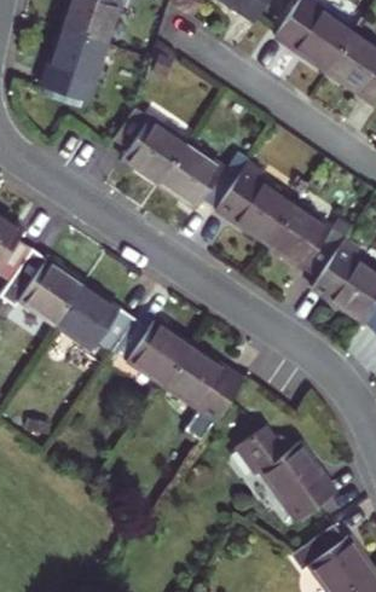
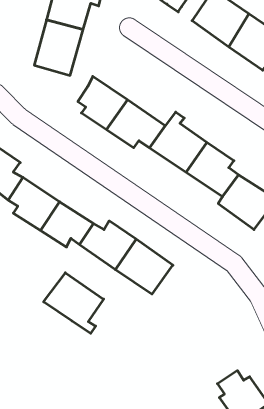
building: none -> [44,273,104,333]
building: [238,422,336,521] -> none

